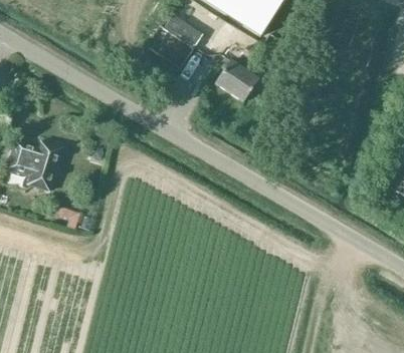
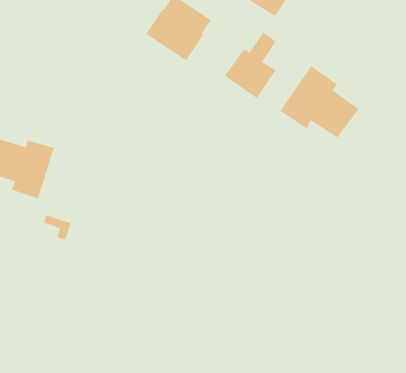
building: none -> [280,65,360,138]

